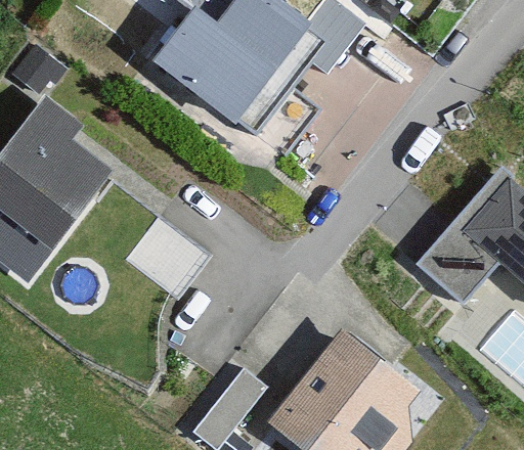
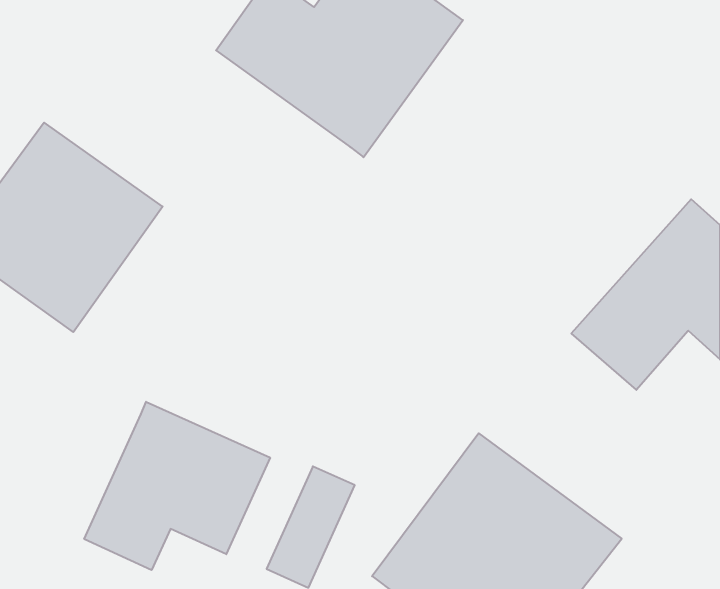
building: none -> [84,402,270,570]

